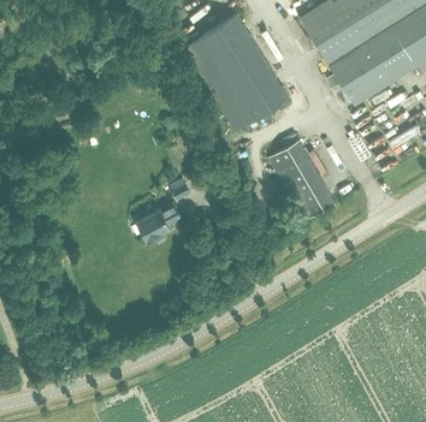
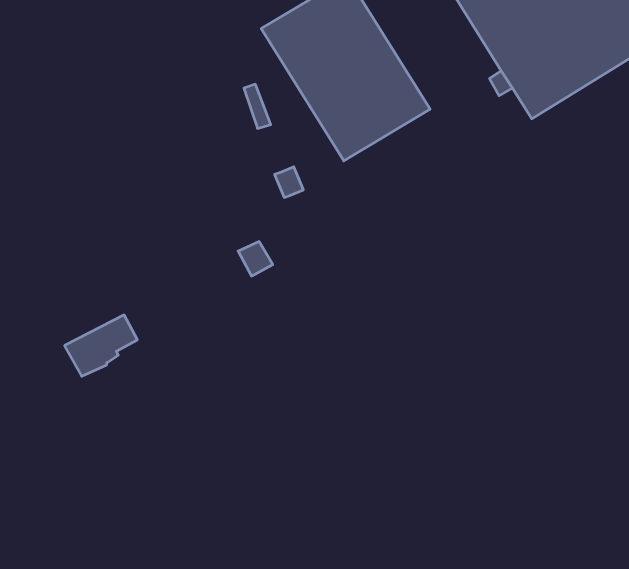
building: [268,139,335,220] -> none
building: [136,202,182,240] -> [65,315,137,376]

